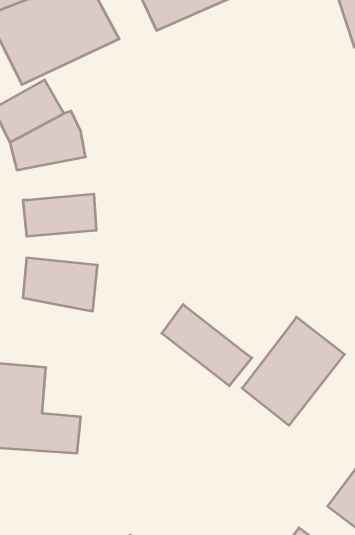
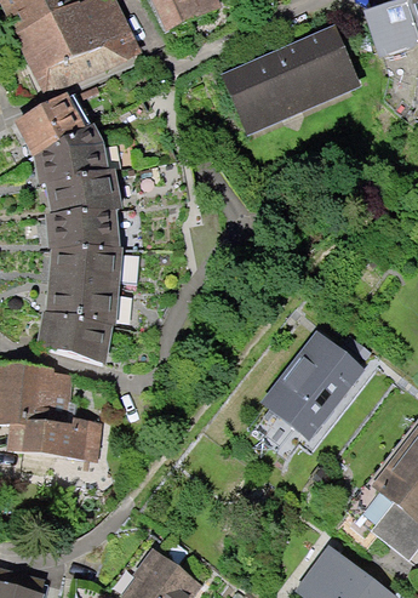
building: none -> [223,33,359,136]
building: none -> [44,164,121,207]
building: none -> [47,238,121,273]
building: none -> [34,306,111,357]
building: [162,304,252,386] -> none

